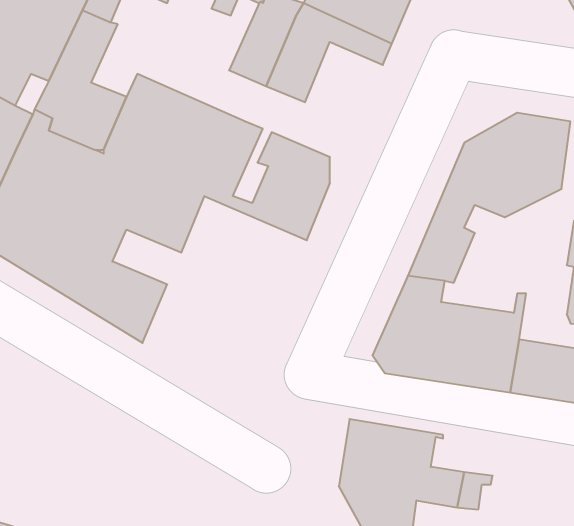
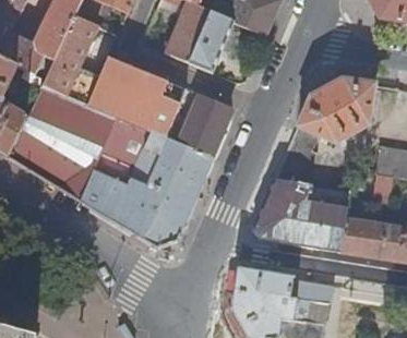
building: none -> [111,130,213,248]

